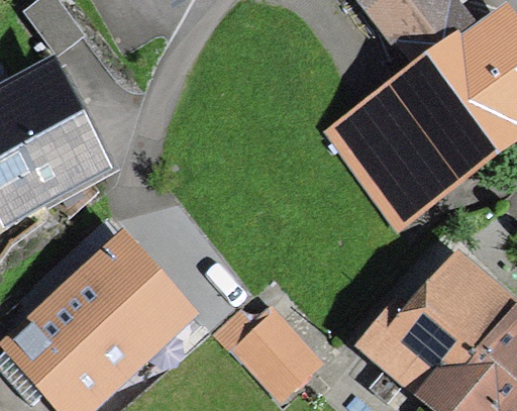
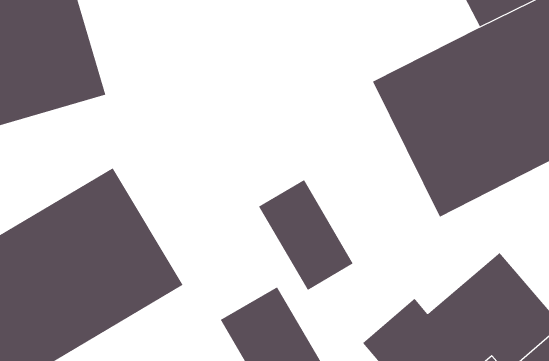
building: none -> [258,179,354,291]

